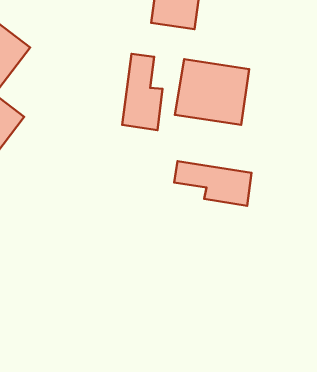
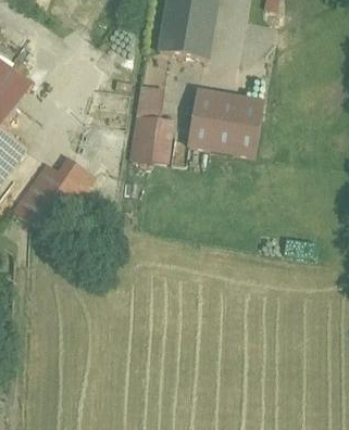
building: none -> [12,155,96,237]
building: [174,161,252,206] -> none

